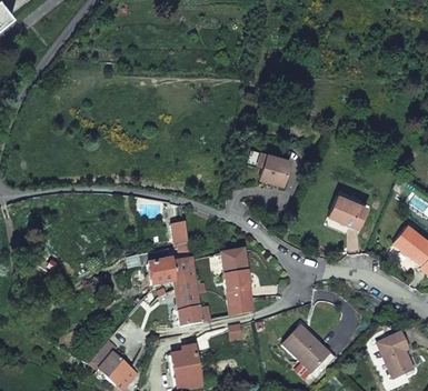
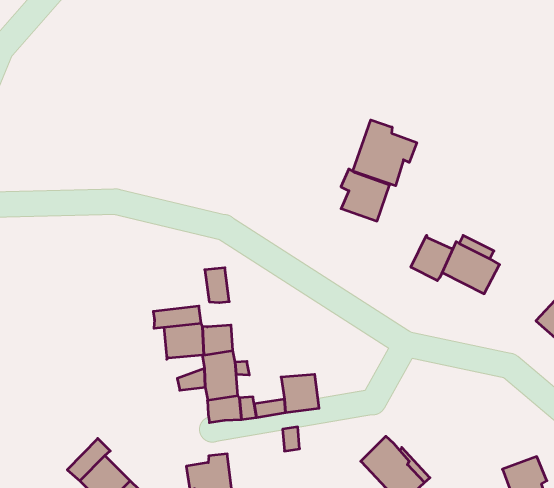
building: none -> [353,120,417,186]
building: none -> [411,235,453,281]
building: [221,250,249,292] -> none

